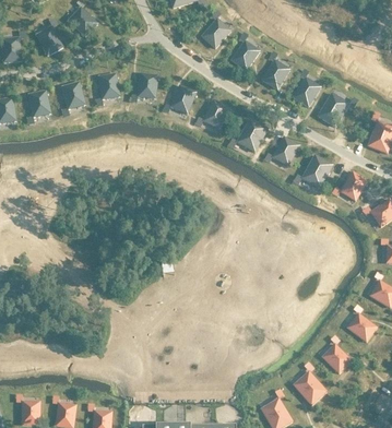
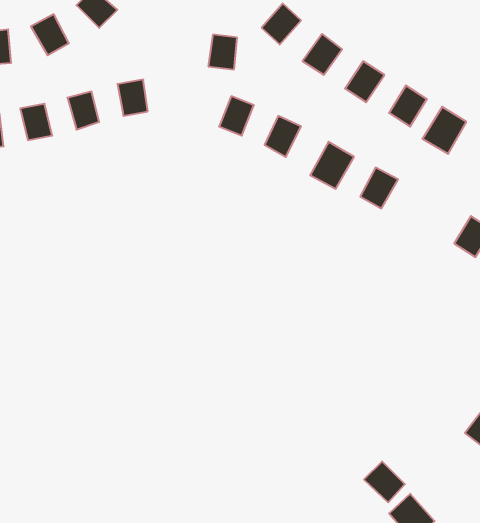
building: [136,73,157,98] -> [208,35,237,69]
building: [301,155,332,188] -> none
building: [321,344,351,373] -> [364,461,405,502]

